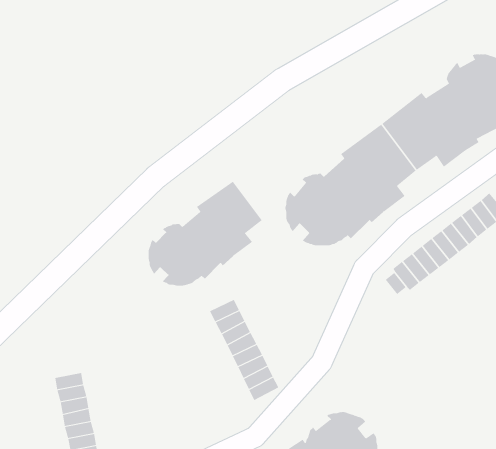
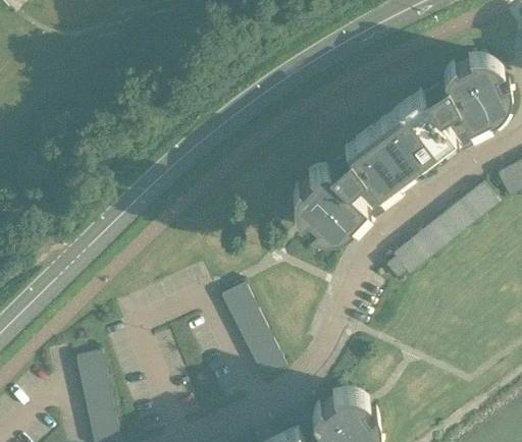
building: [148,181,263,286] -> none

